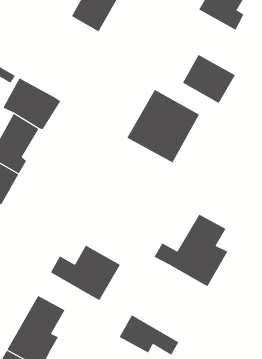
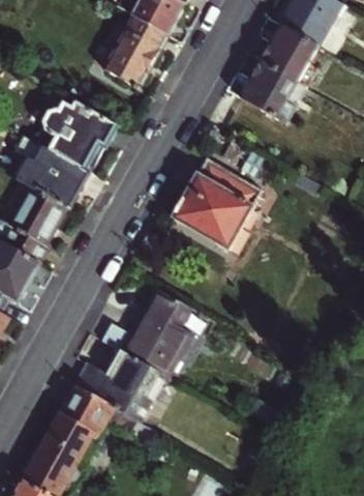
building: none -> [41,100,117,167]
building: [182,54,236,104] -> [239,59,305,120]
building: [153,214,228,287] -> [100,286,192,376]
building: [119,314,179,356] -> [61,383,135,434]

